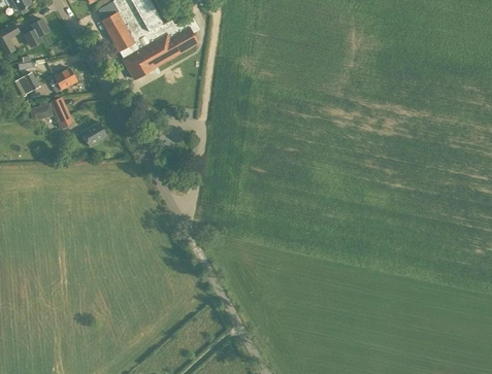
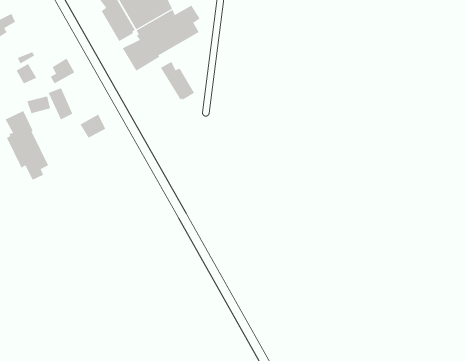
building: [24,19,48,47] -> none
building: none -> [160,61,195,100]
building: none -> [5,110,49,180]

